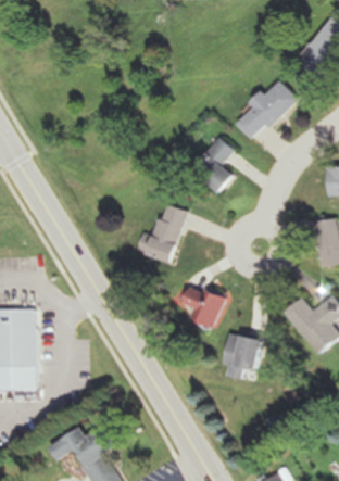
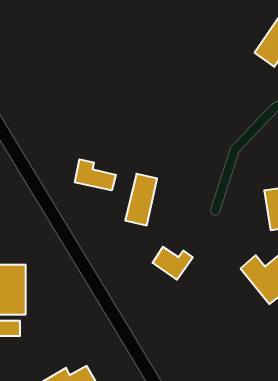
building: [236,80,298,141] -> none
building: [192,137,236,193] -> none
building: none -> [75,159,116,190]
building: [221,329,265,378] -> none

